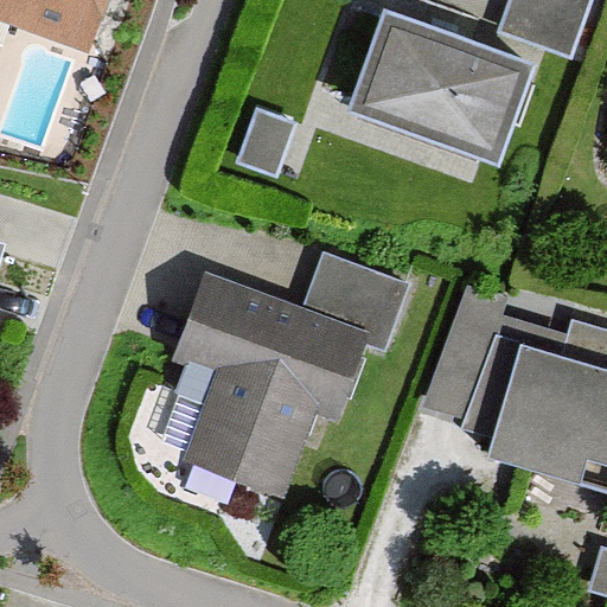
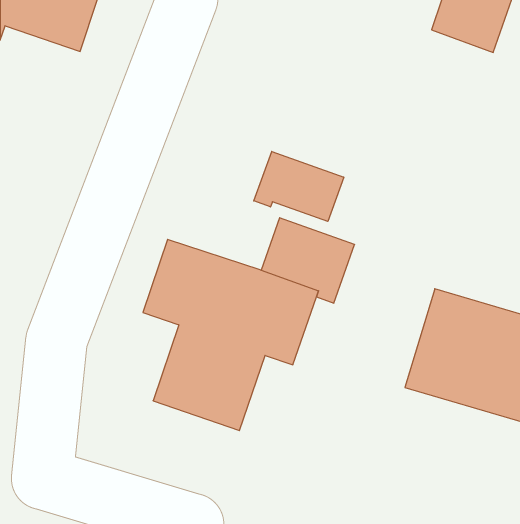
building: [338,9,515,155] -> none
building: none -> [254,151,344,221]

